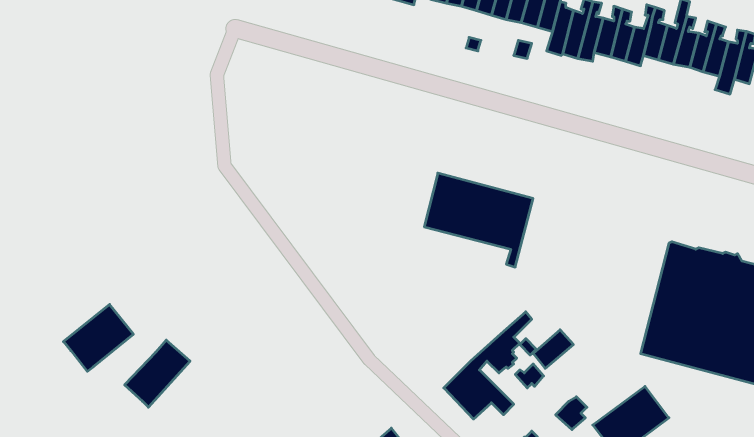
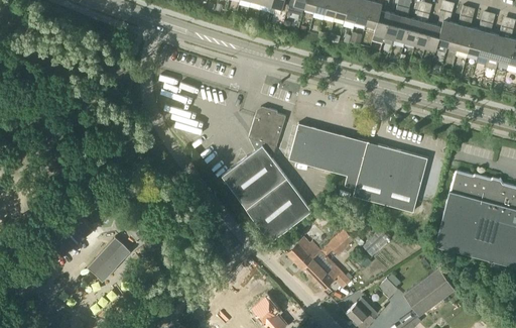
building: none -> [222,110,311,242]
building: none -> [351,141,427,212]
building: none -> [287,237,320,269]

